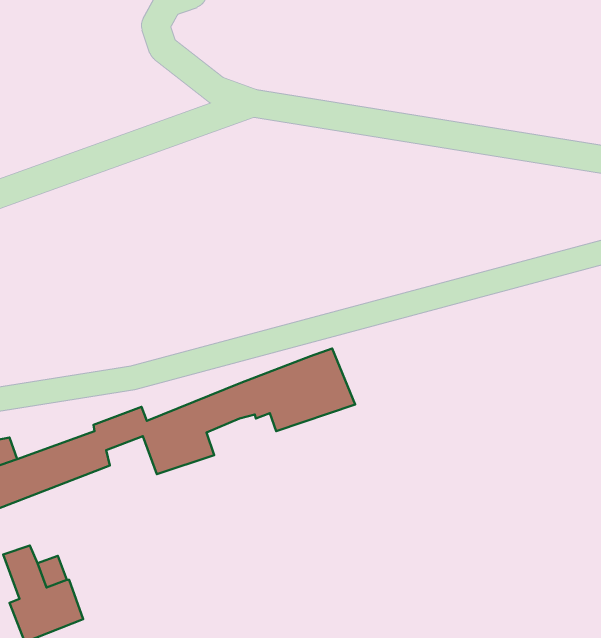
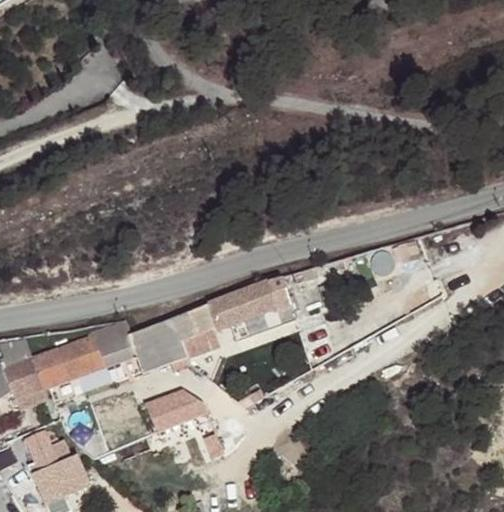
building: none -> [147,388,197,426]

